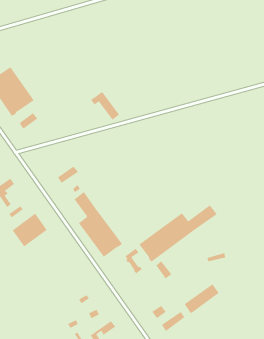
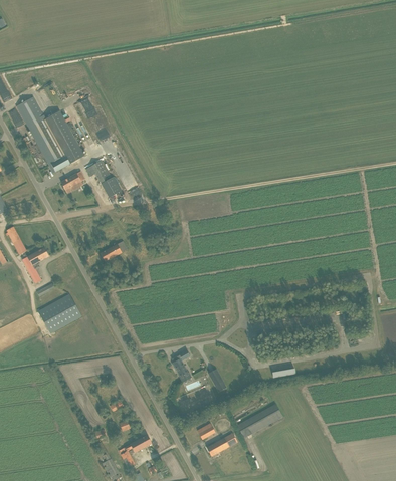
building: [90,91,120,120] -> [85,160,120,197]
building: [74,191,123,258] -> none
building: [139,205,217,262] -> none

